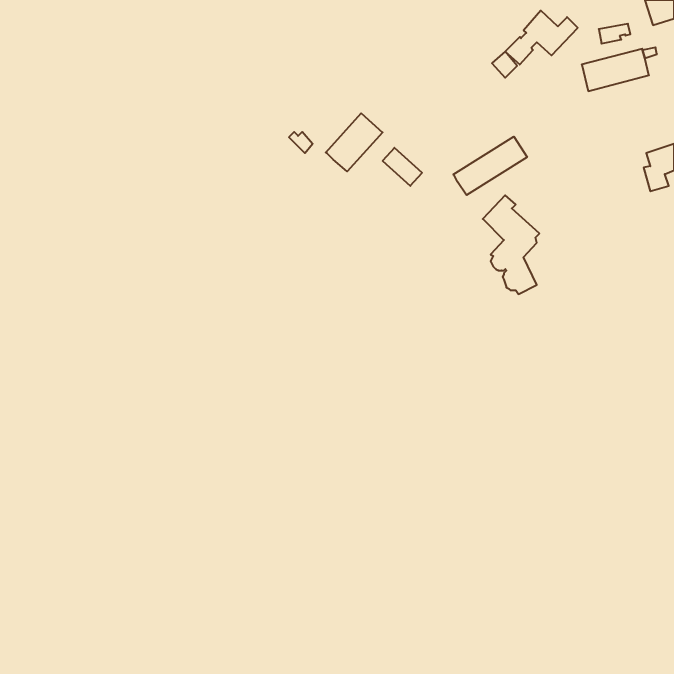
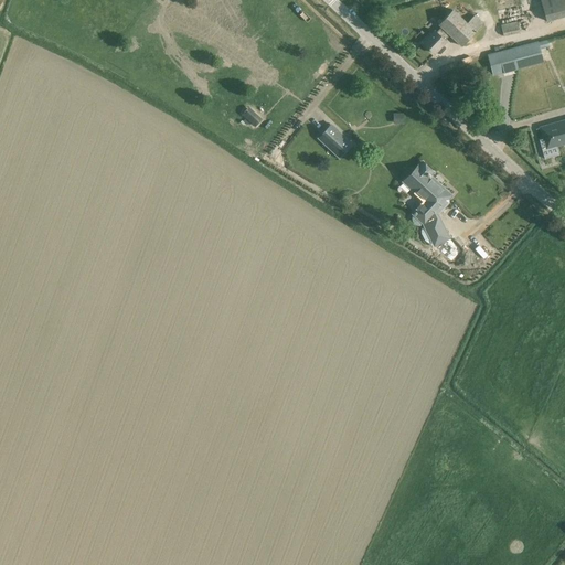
building: [326,113,383,171] -> none
building: [453,137,527,195] -> none

